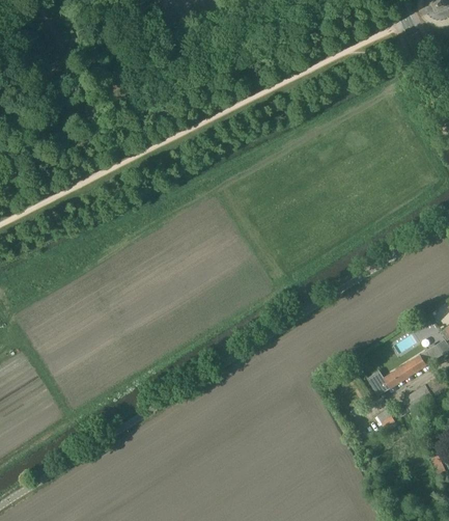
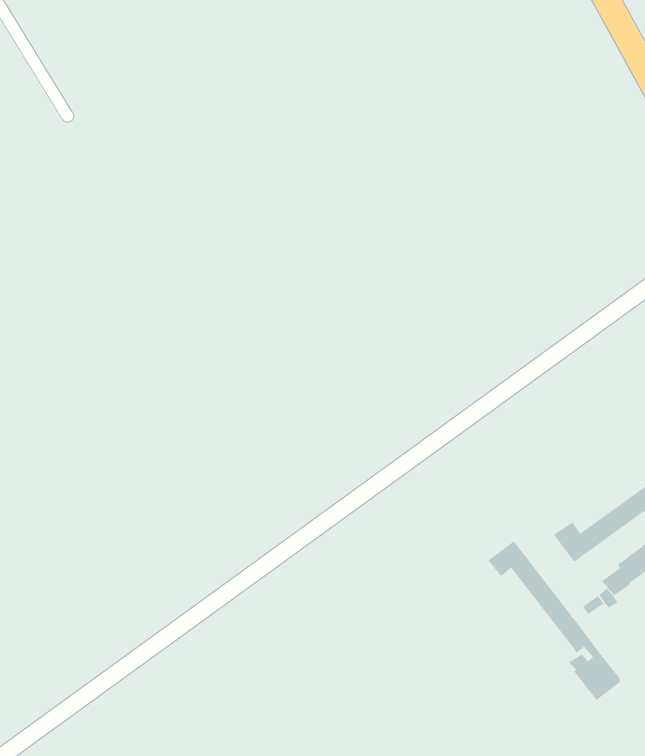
building: none -> [488,541,621,701]

